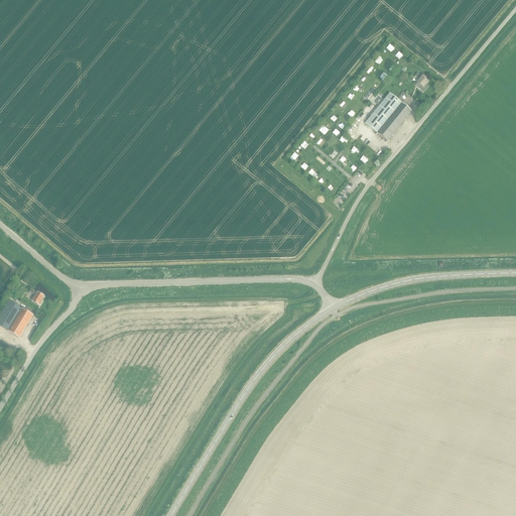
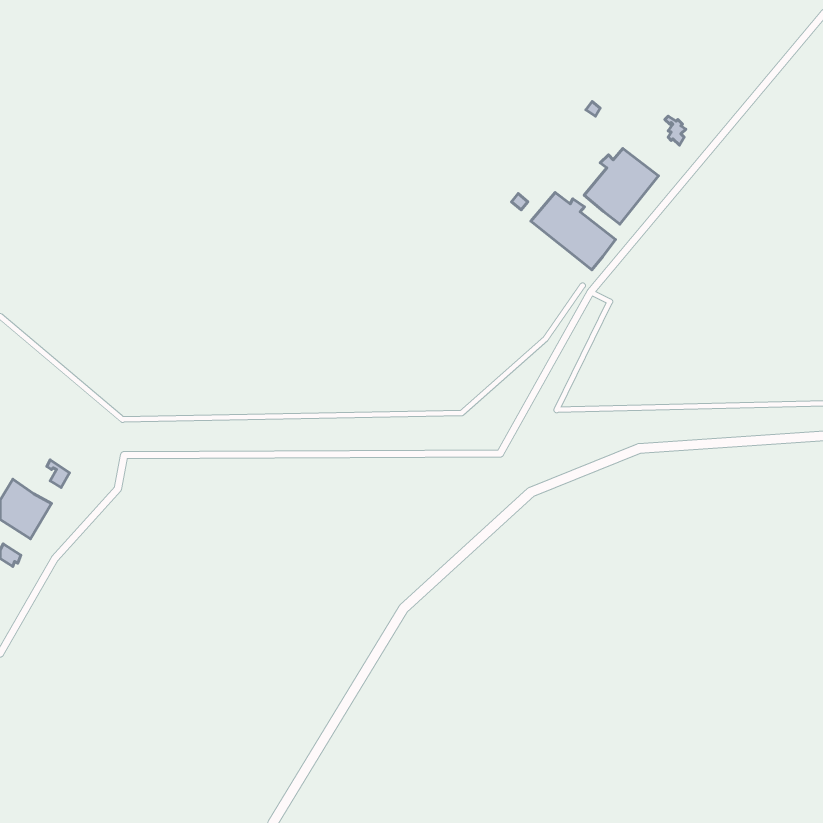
building: none -> [531,192,615,270]

